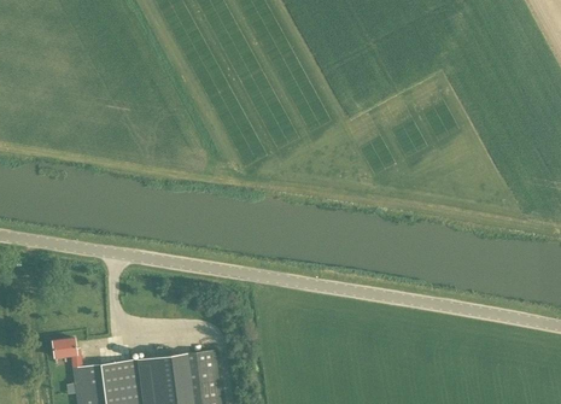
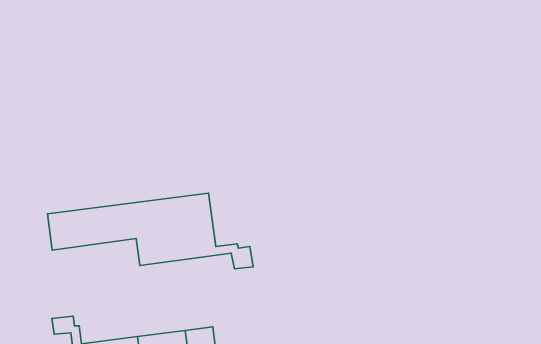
building: none -> [47,193,253,269]

